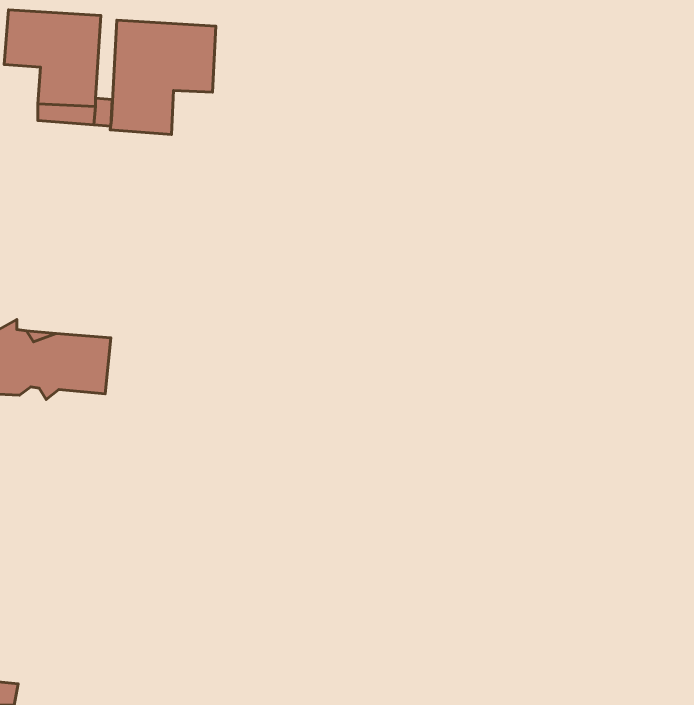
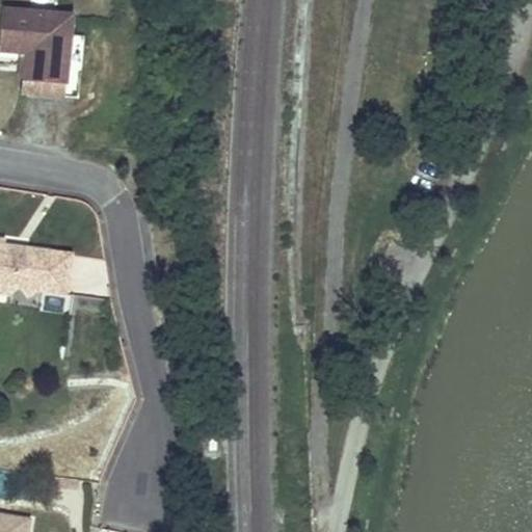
building: [110,20,216,134] -> none

